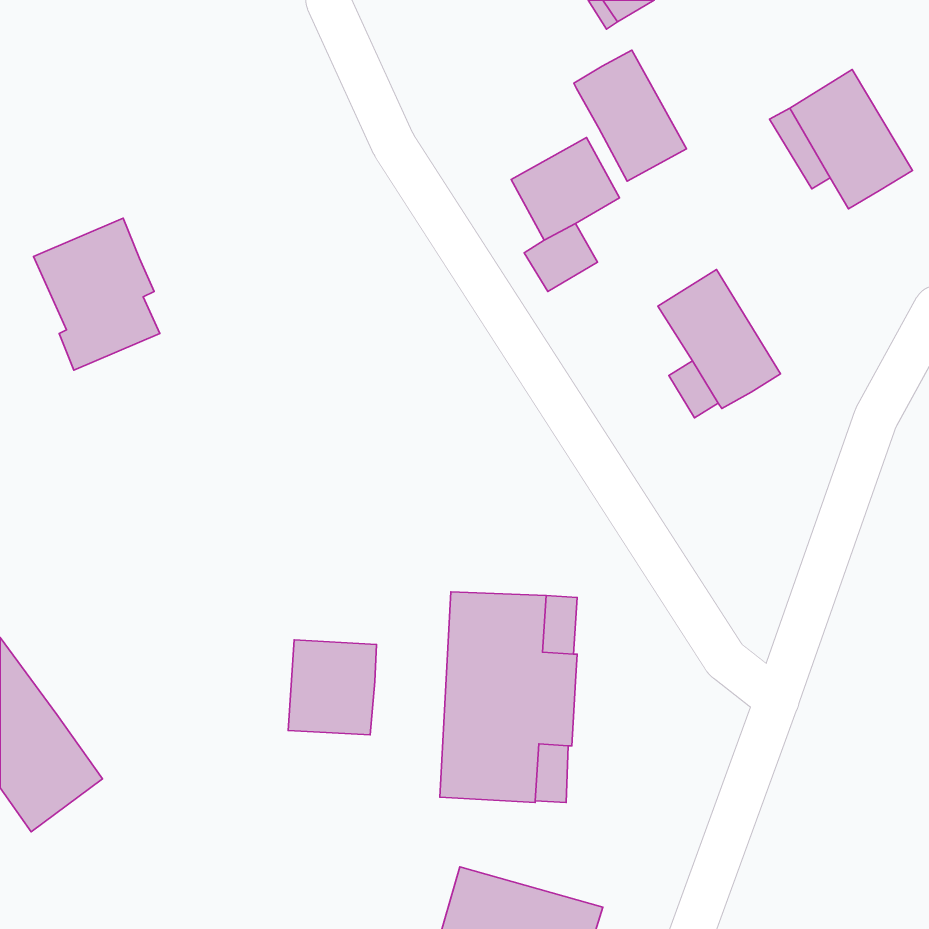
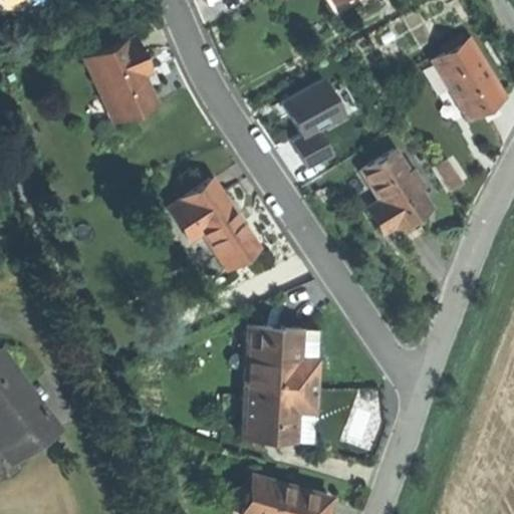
building: [574,50,687,181] -> none
building: [33,218,160,370] -> [87,41,157,124]
building: none -> [173,183,257,269]
building: [288,640,376,735] -> none

